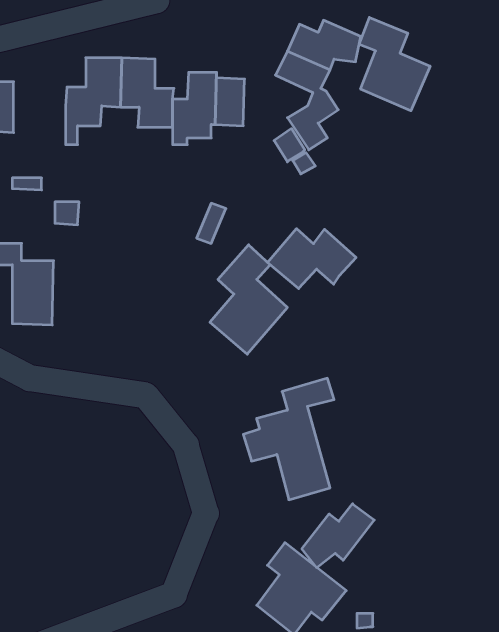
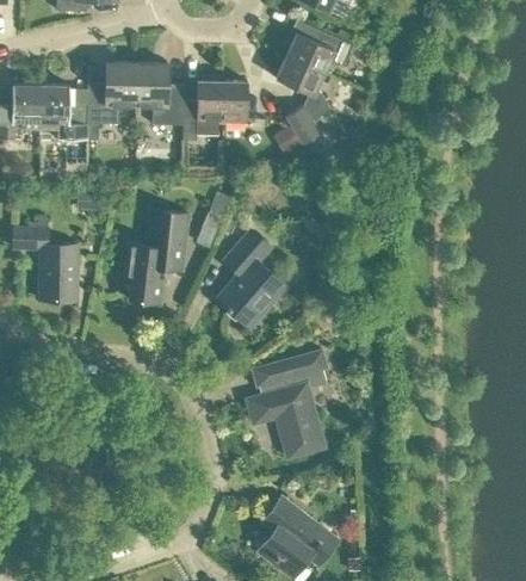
building: [359,17,430,111] -> none
building: none -> [42,85,88,141]
building: none -> [125,210,188,304]
building: [268,229,356,289] -> none
building: [302,504,374,568] -> none

